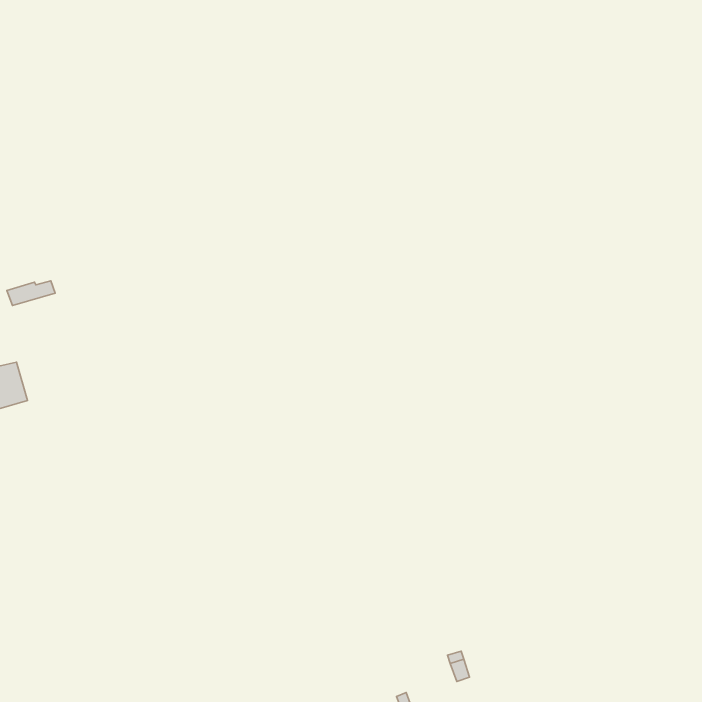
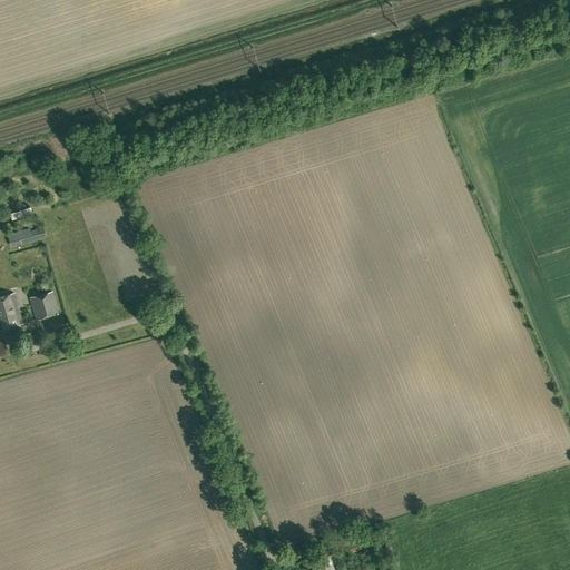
building: none -> [29,293,58,321]

